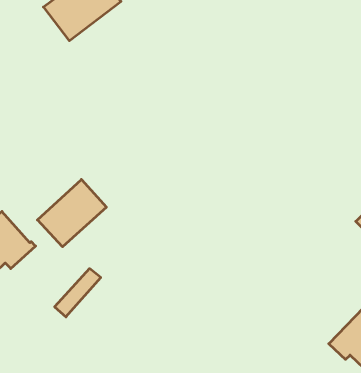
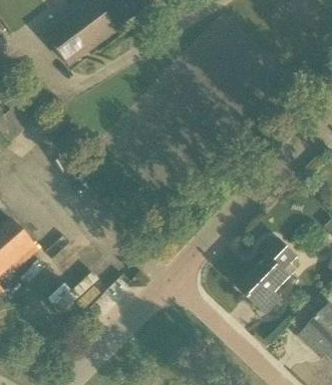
building: [37,179,106,247] -> none
building: none -> [240,239,298,308]

